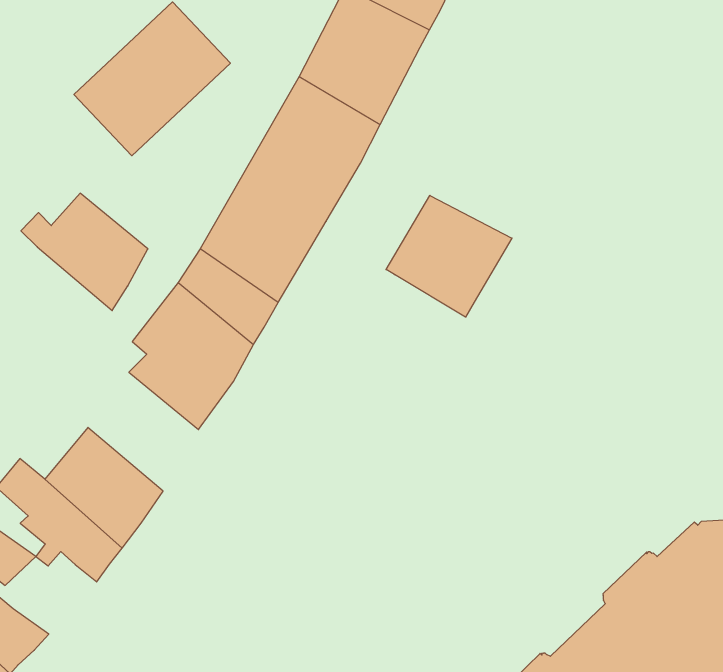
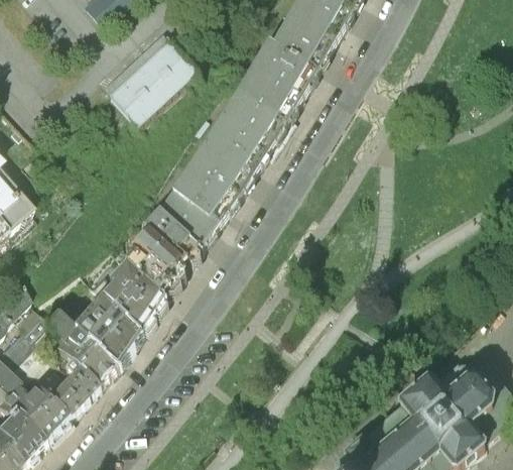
building: [21,193,148,311] -> [89,261,163,332]
building: [386,195,512,317] -> none
building: none -> [47,364,98,413]

